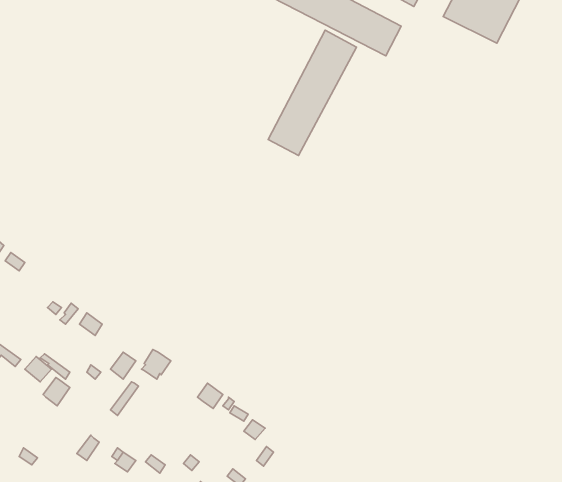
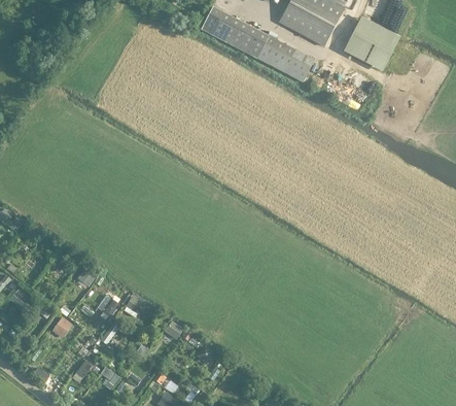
building: [268,30,356,155] -> none

